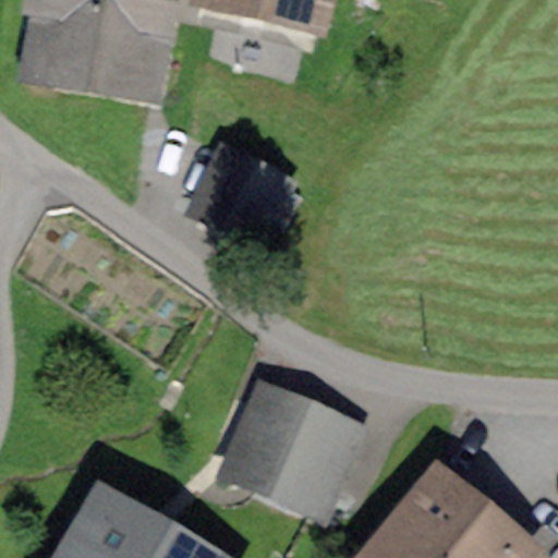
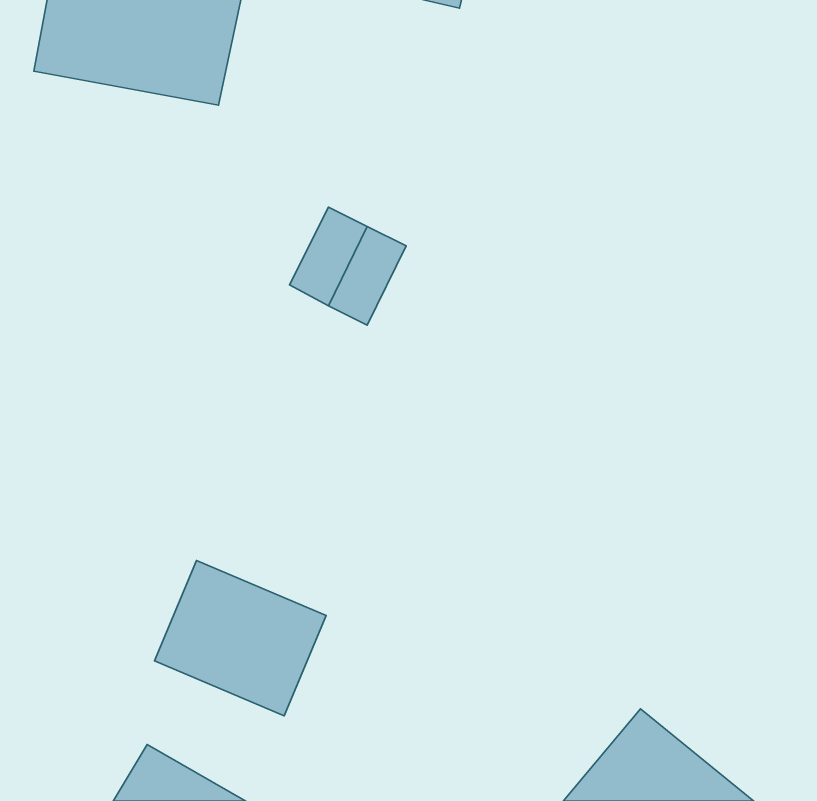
building: [228,387,343,492] -> [155,560,326,716]

